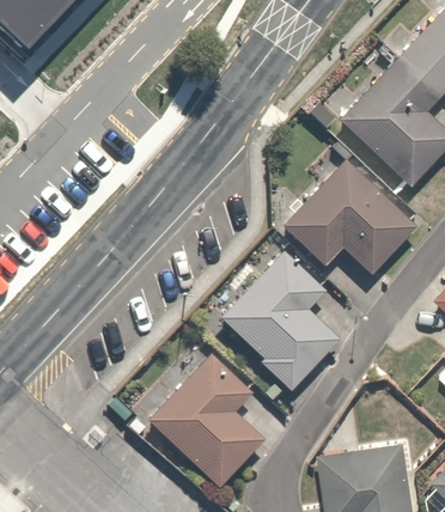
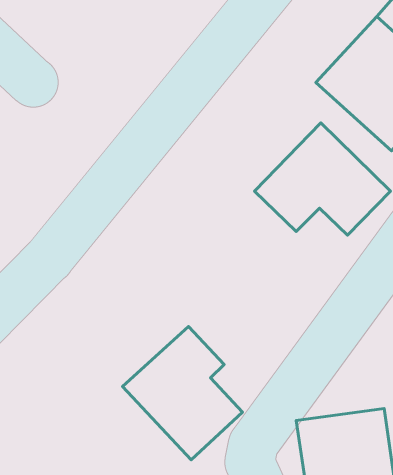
building: [219,251,340,390] -> none

